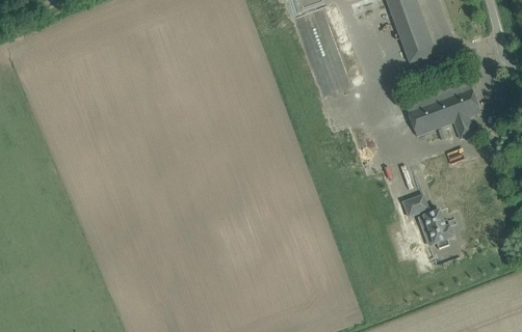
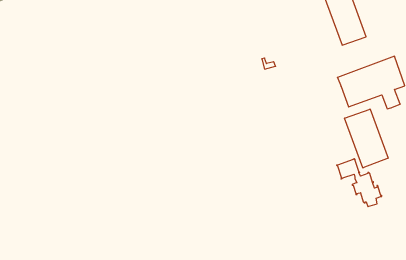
building: none -> [345,109,388,168]

